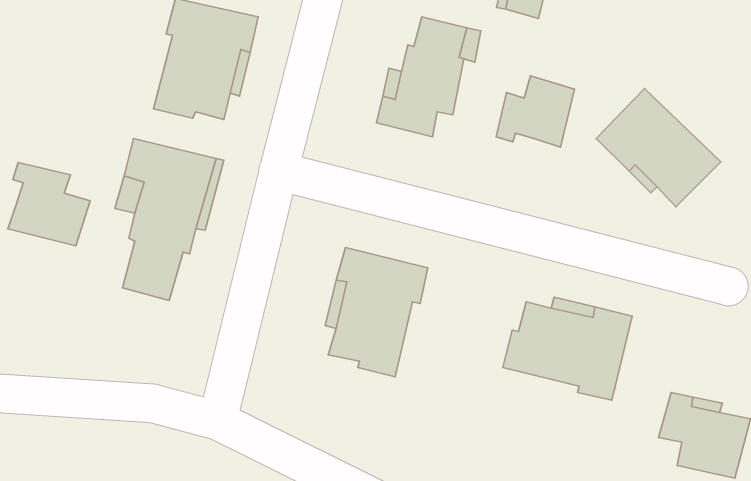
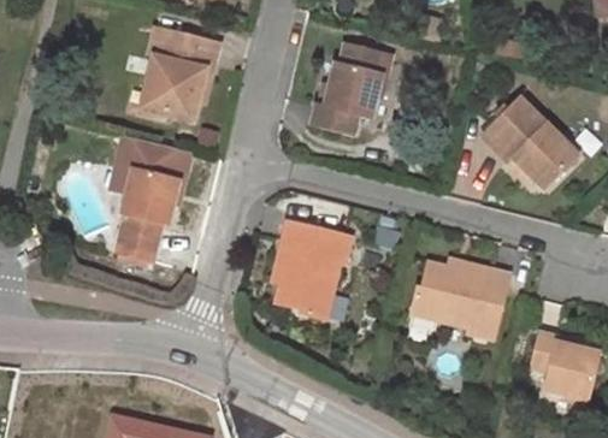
building: [496,76,575,147] -> none
building: [8,162,90,246] -> none

